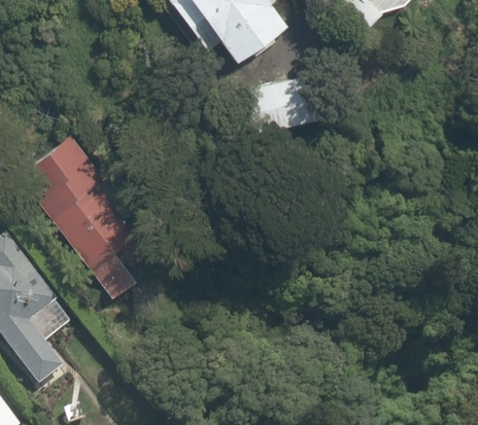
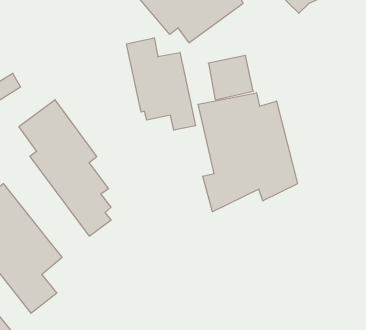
building: none -> [126,38,196,130]
building: none -> [198,93,298,212]

